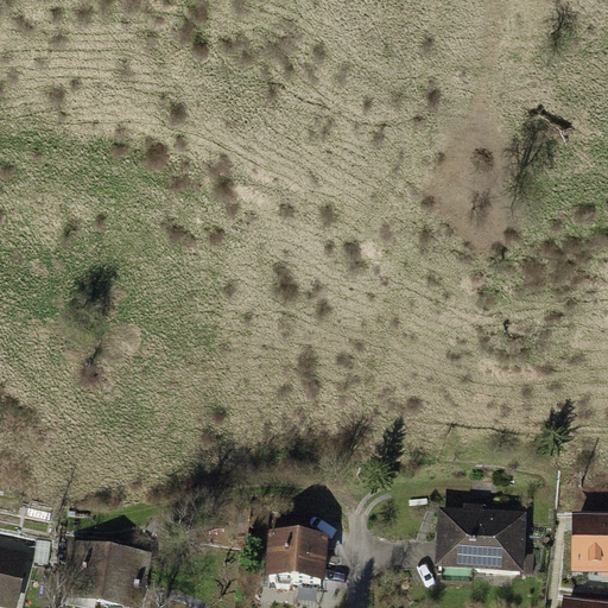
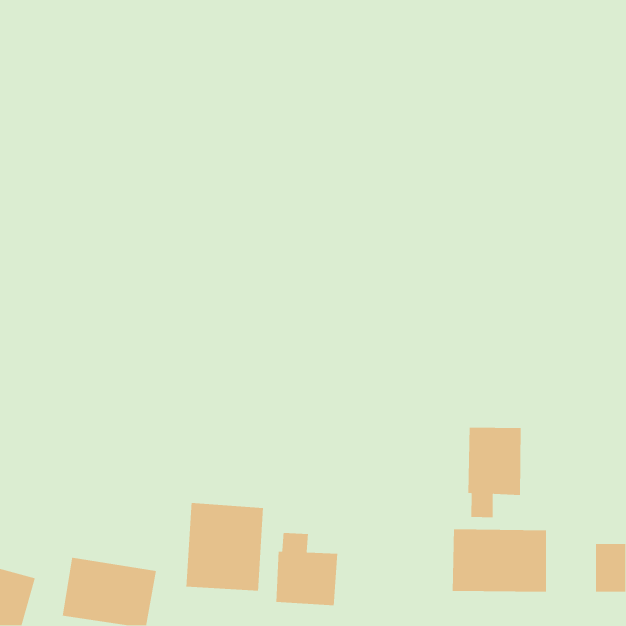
building: none -> [467,427,522,518]
building: none -> [185,502,264,591]

